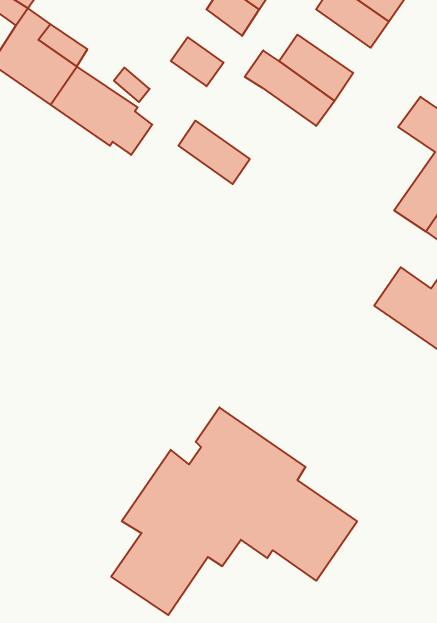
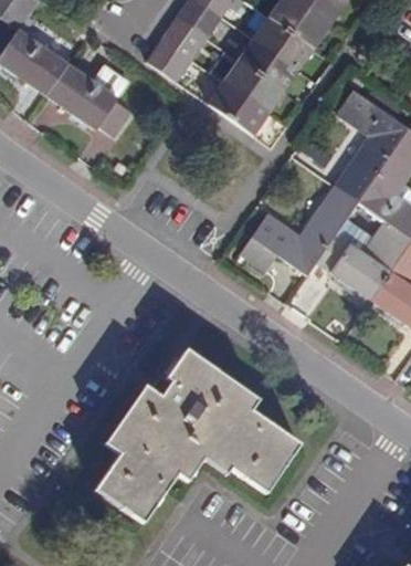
building: none -> [160,15,206,60]
building: none -> [252,15,313,69]
building: [178,121,250,184] -> [208,81,267,134]
building: none -> [240,184,359,276]

